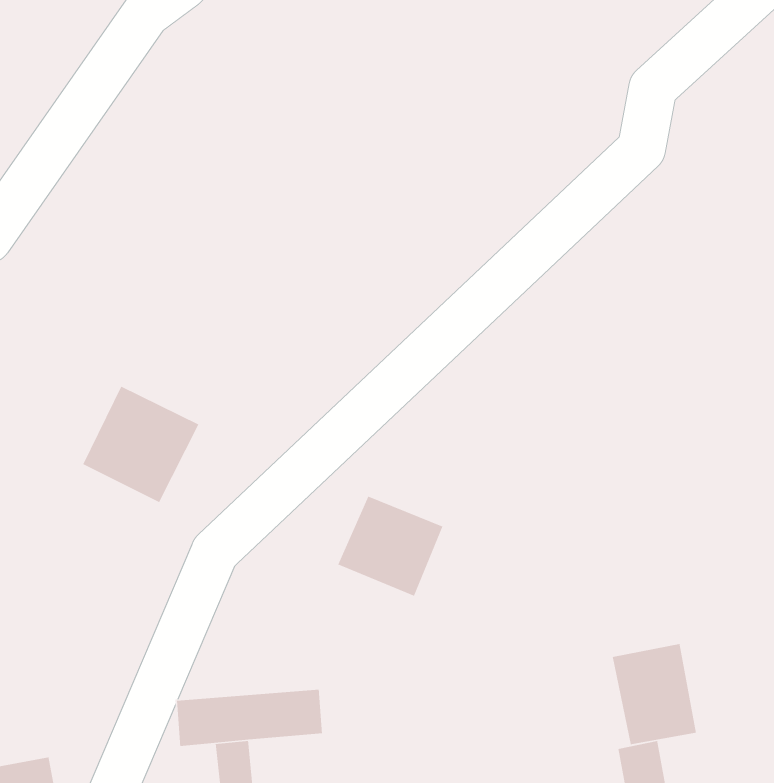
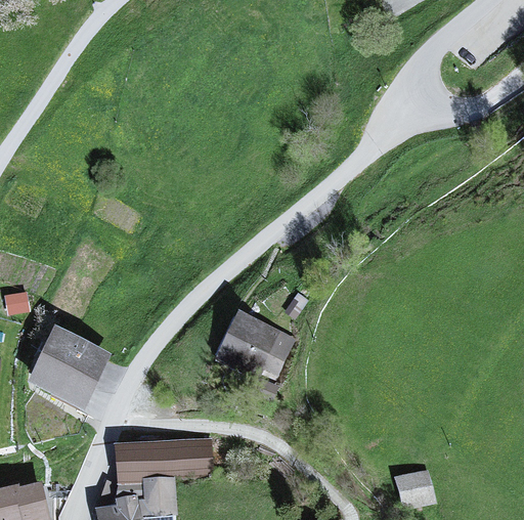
building: [82,386,200,503] -> [32,330,106,404]
building: [612,643,697,745] -> none

